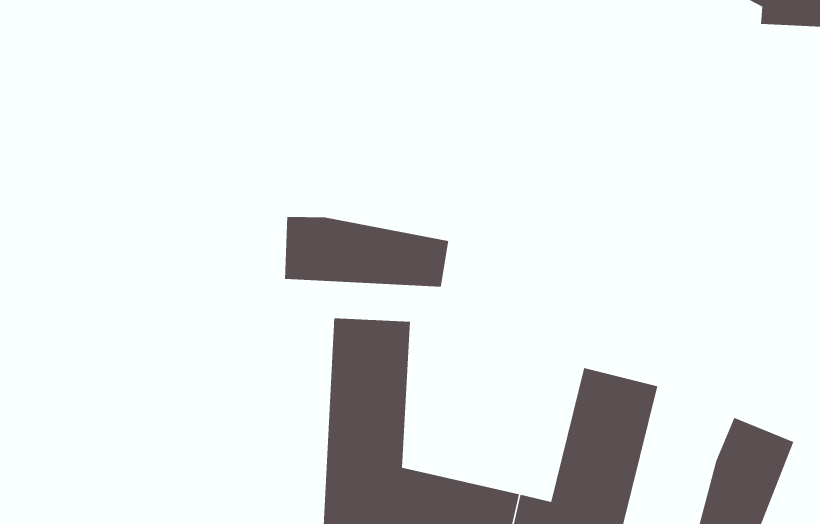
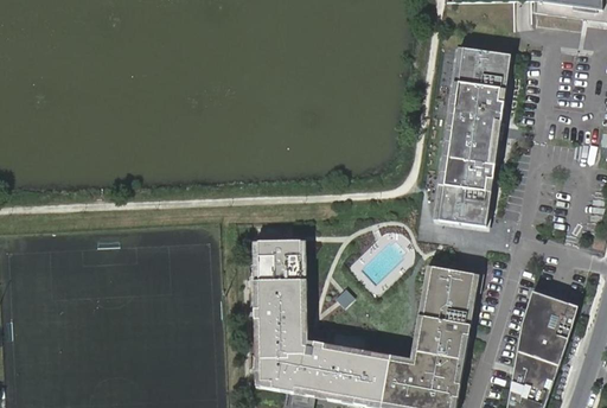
building: none -> [432,46,509,225]
building: [284,216,449,288] -> none

